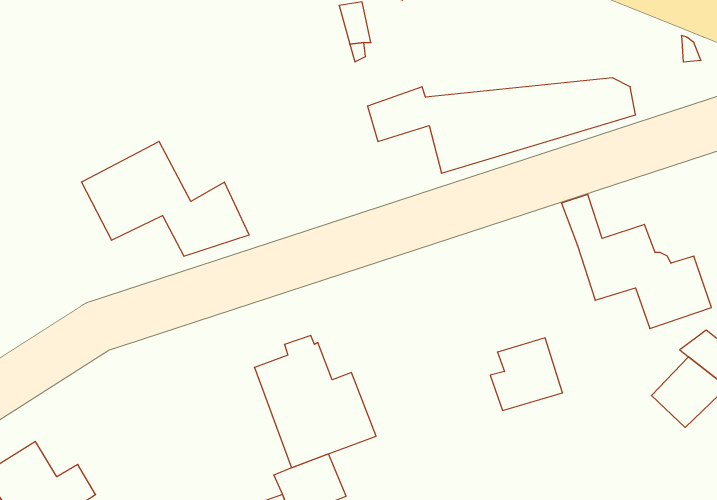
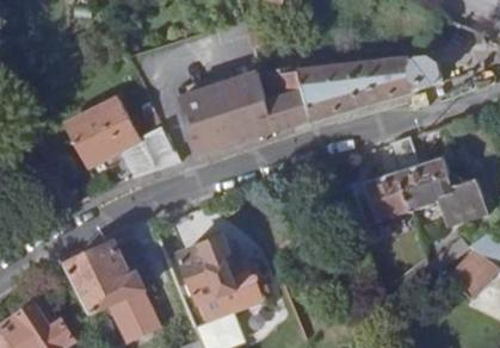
building: none -> [175,72,307,157]
building: [490,338,563,410] -> [362,170,411,219]
building: none -> [63,240,156,337]

